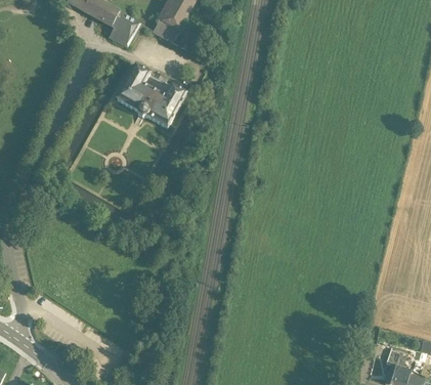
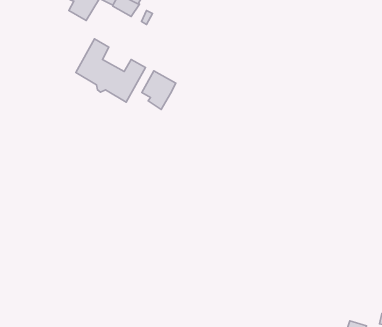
building: none -> [142,71,176,109]

